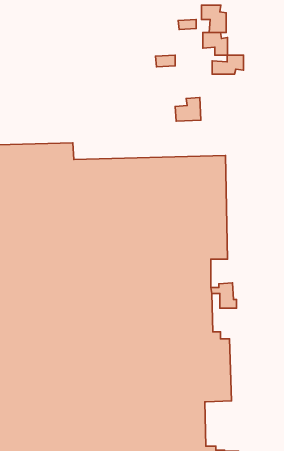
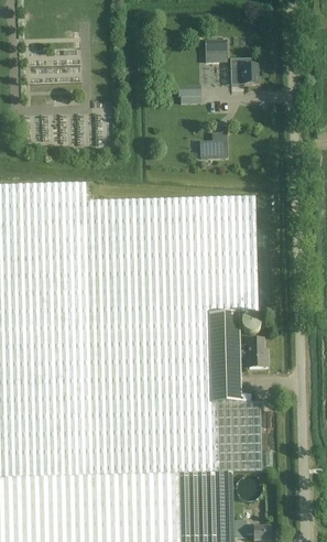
building: [201,5,226,32] -> none
building: [212,55,243,74] -> none

